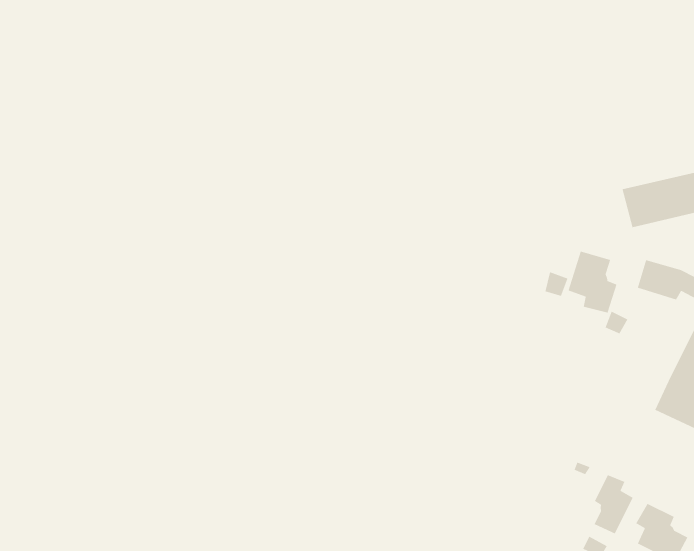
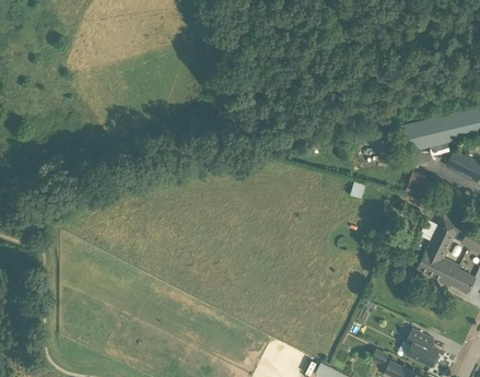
building: [567,251,618,314] -> none
building: [593,474,634,535] -> none

